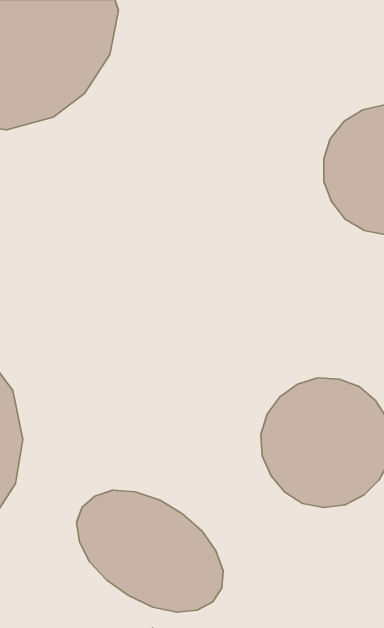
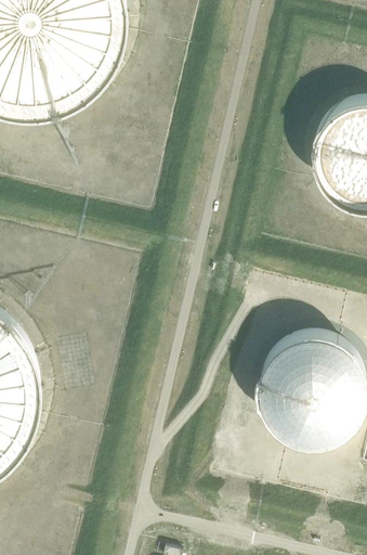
building: [76,490,223,612] -> none

